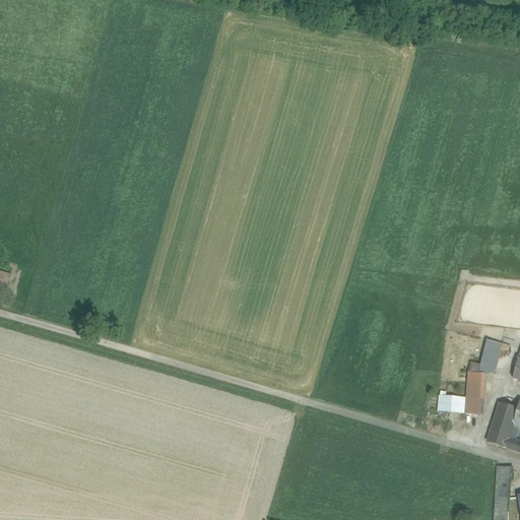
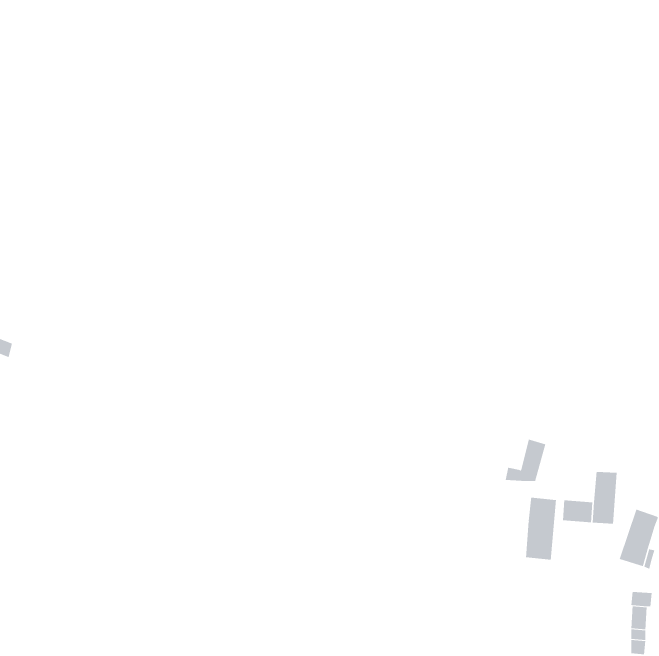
building: [468,338,501,372] -> [505,439,546,482]
building: none -> [525,497,556,561]

